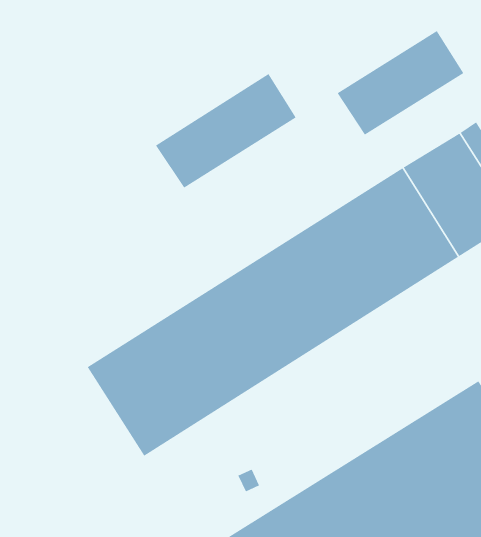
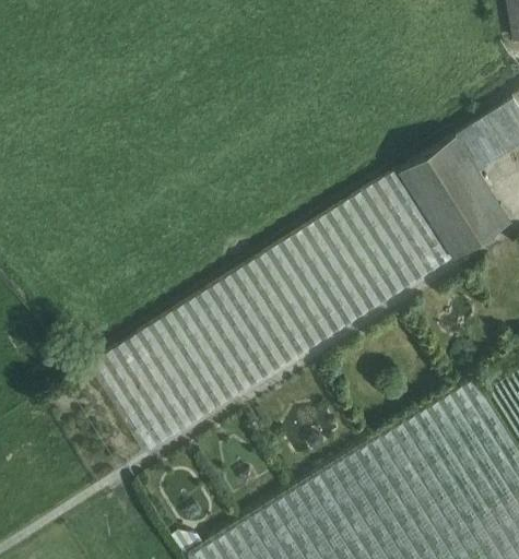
building: [337,30,464,136] -> none
building: [155,73,297,189] -> none

